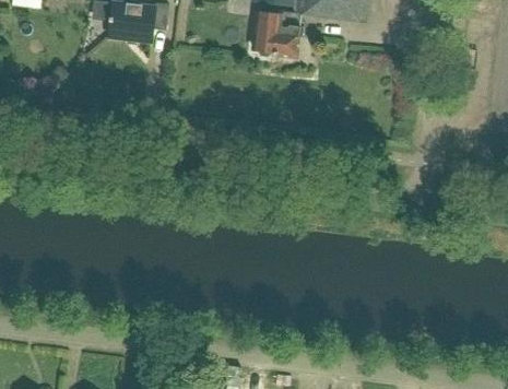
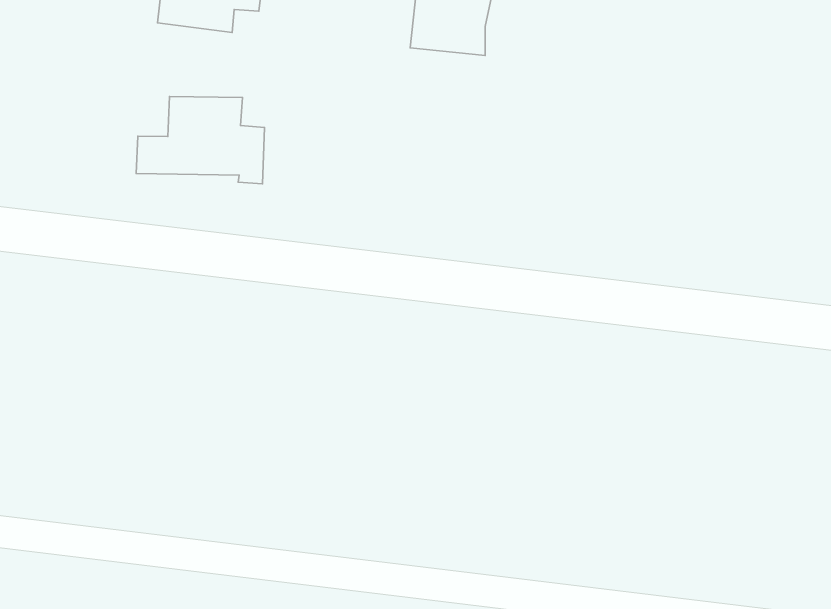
building: none -> [136,97,265,184]

